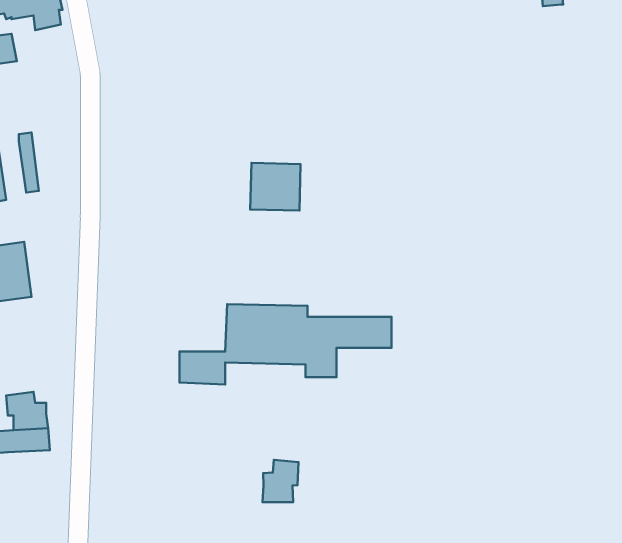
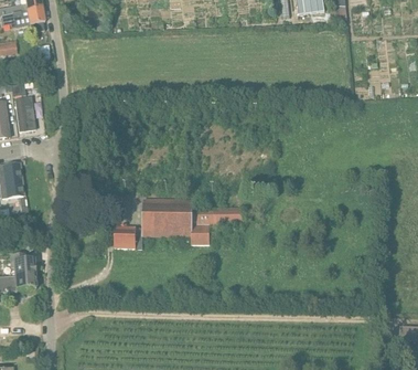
building: [250,163,301,211] -> none
building: [262,460,298,502] -> none

